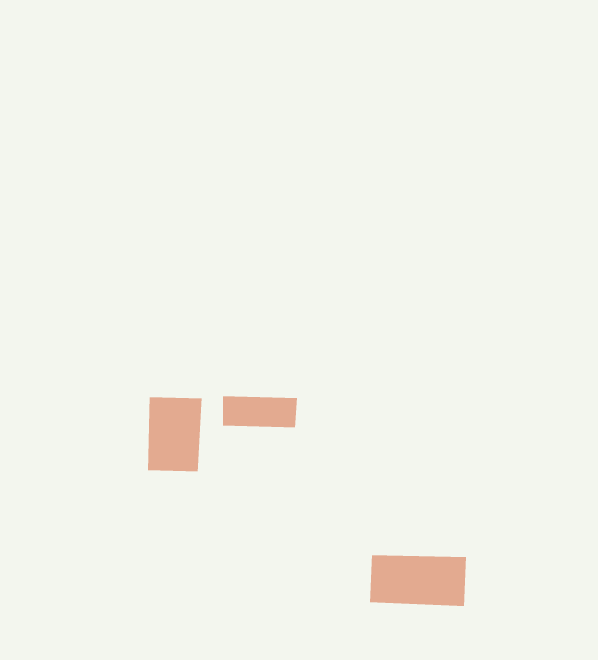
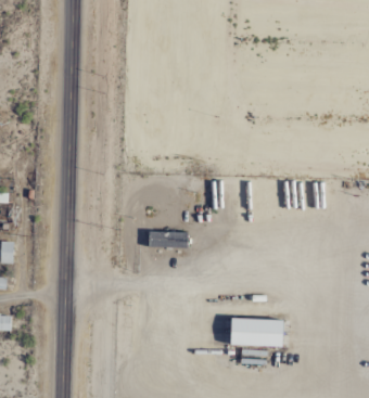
building: [147,396,202,472] -> none

